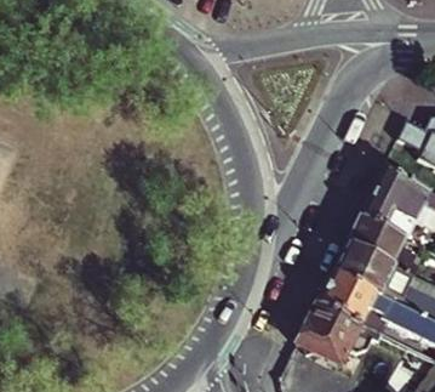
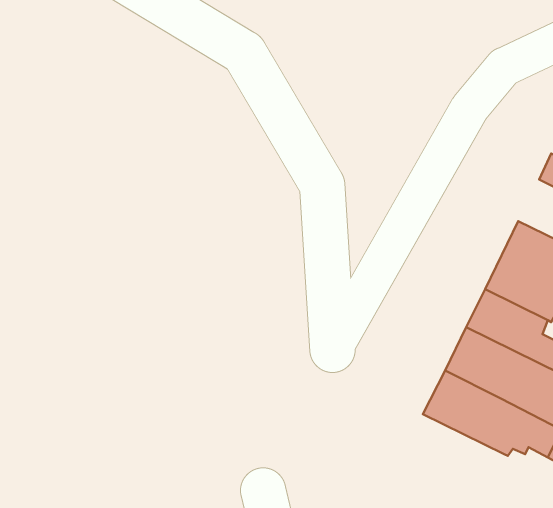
building: [298,301,374,362] -> none

